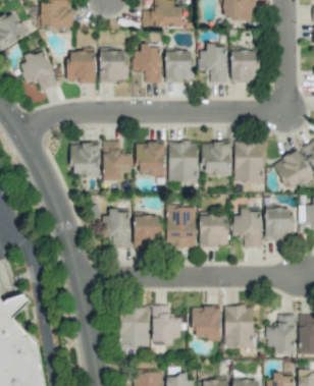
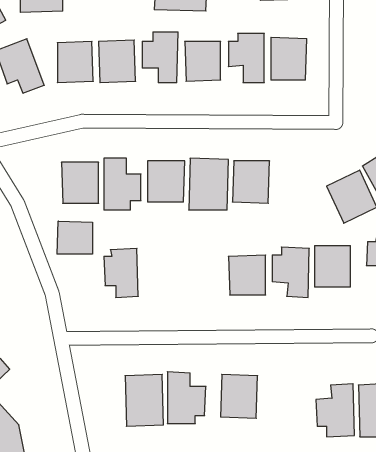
building: [234,141,263,182] -> none
building: none -> [57,221,92,254]
building: [166,206,196,247] -> none
building: [134,214,161,247] -> none
building: [224,305,254,347] -> none

